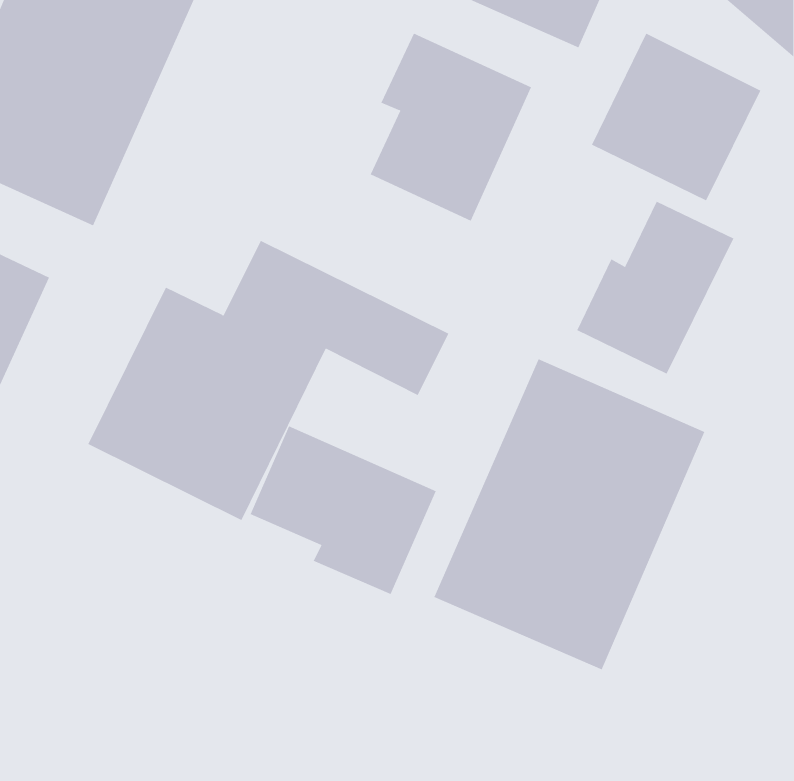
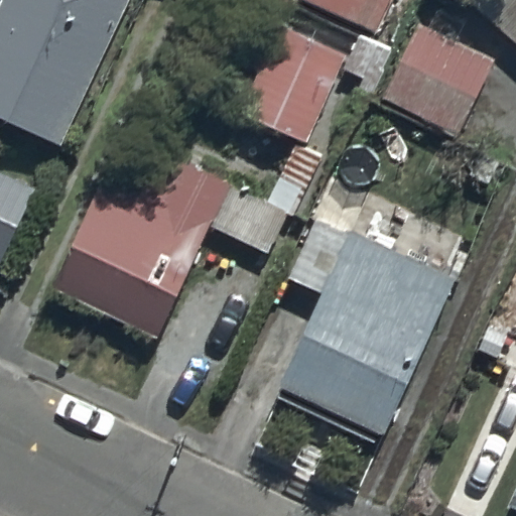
building: [576,201,734,375] -> none
building: [250,425,436,595] -> none

